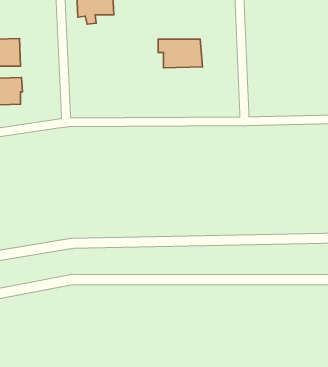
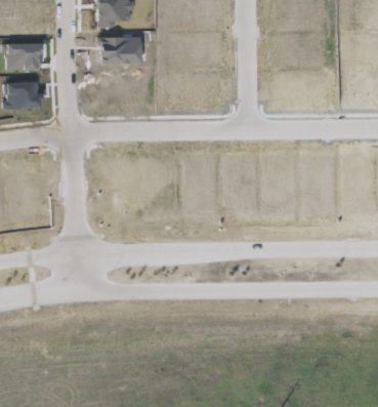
building: [158,39,202,68] -> [95,35,139,64]

